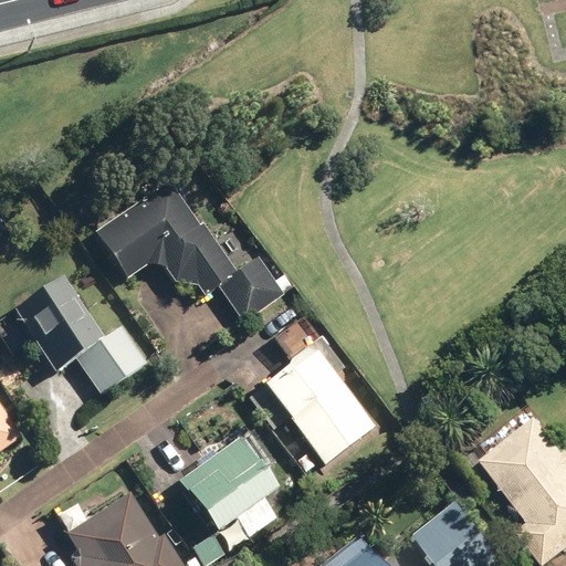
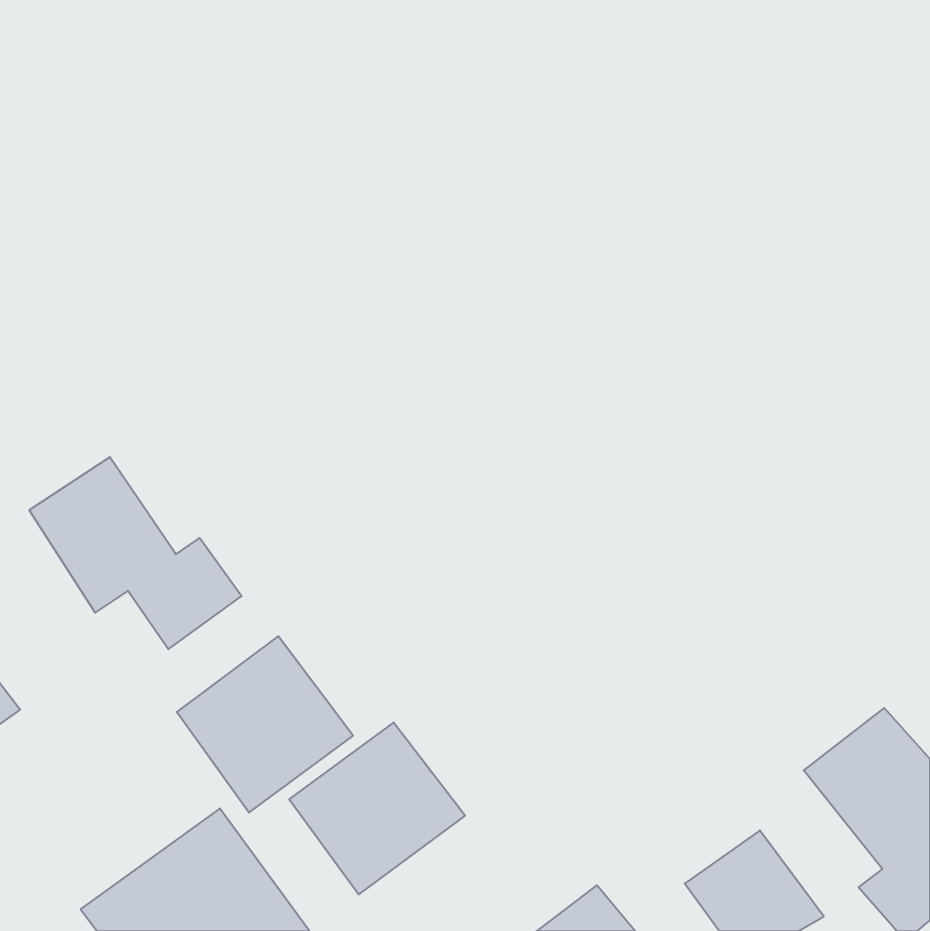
building: [98,179,282,319] -> none
building: [262,349,376,471] -> none
building: none -> [177,636,353,813]

